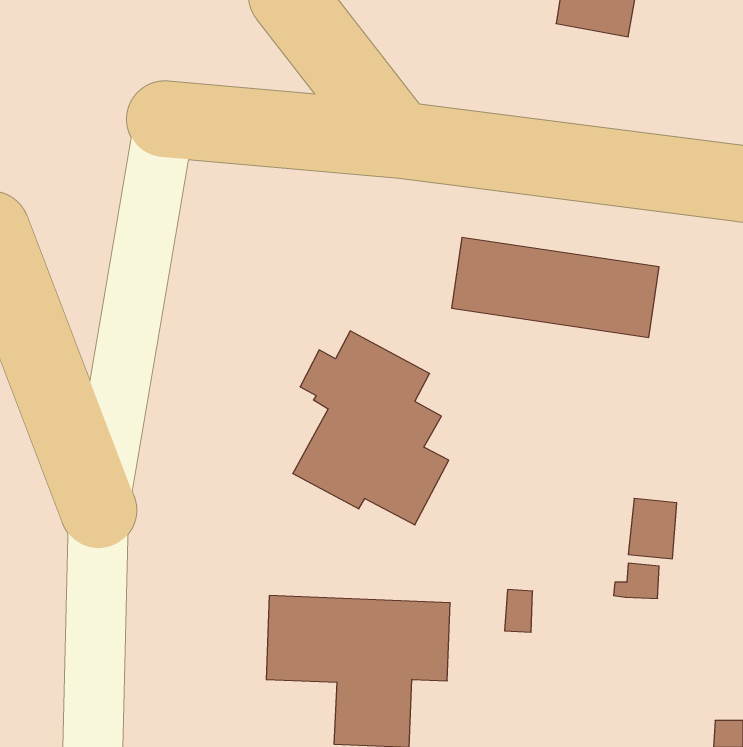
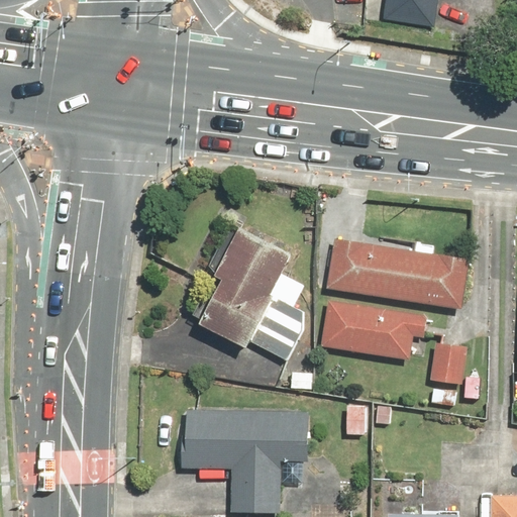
building: [452,237,659,337] -> [326,239,469,308]
building: none -> [320,300,424,358]

